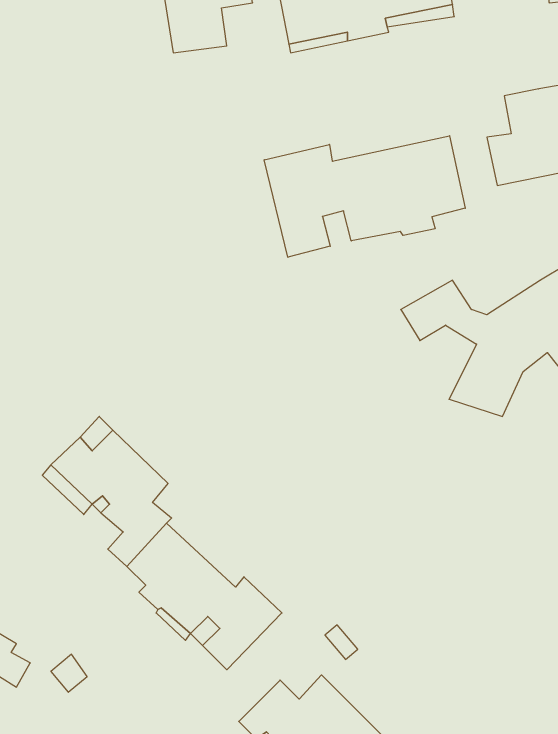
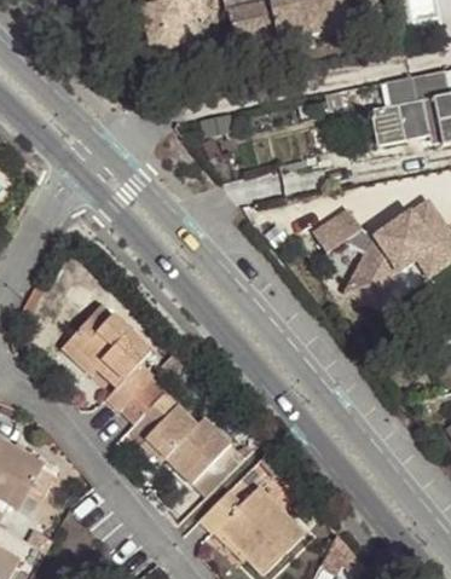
building: [264,136,465,257] -> none

